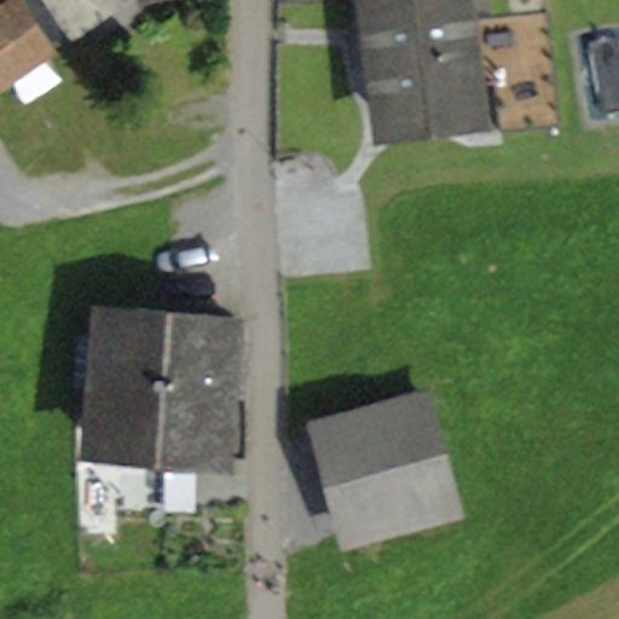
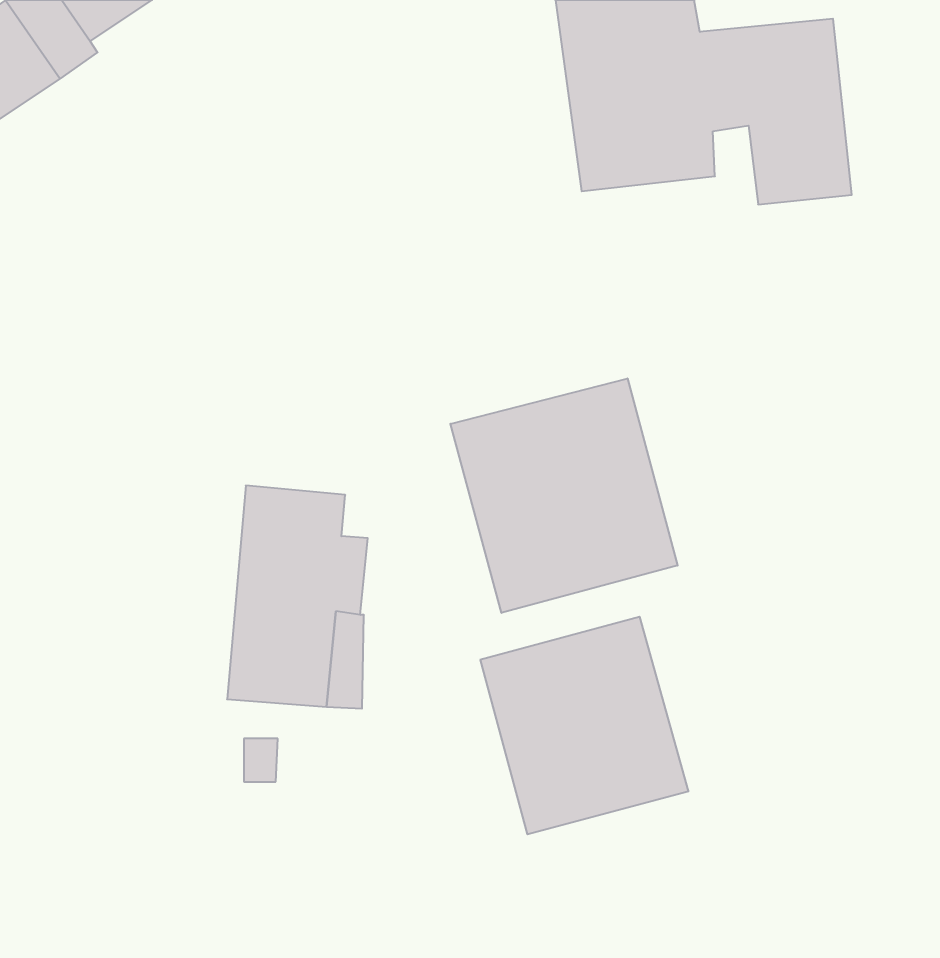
building: none -> [450,378,678,613]
building: [64,308,158,451] -> none

